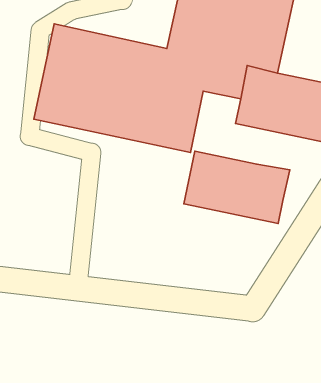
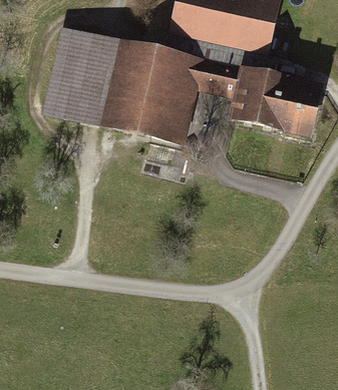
building: [184,151,290,224] -> none

